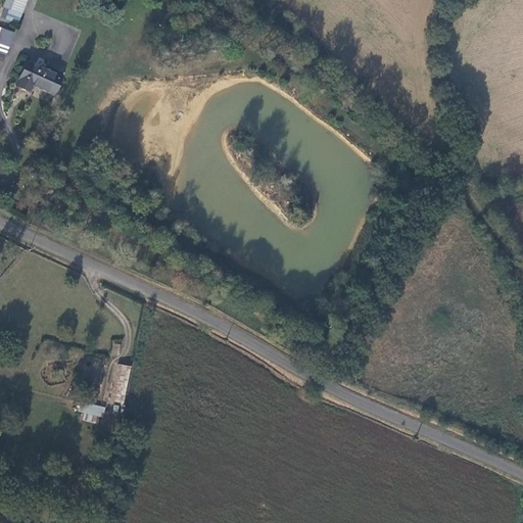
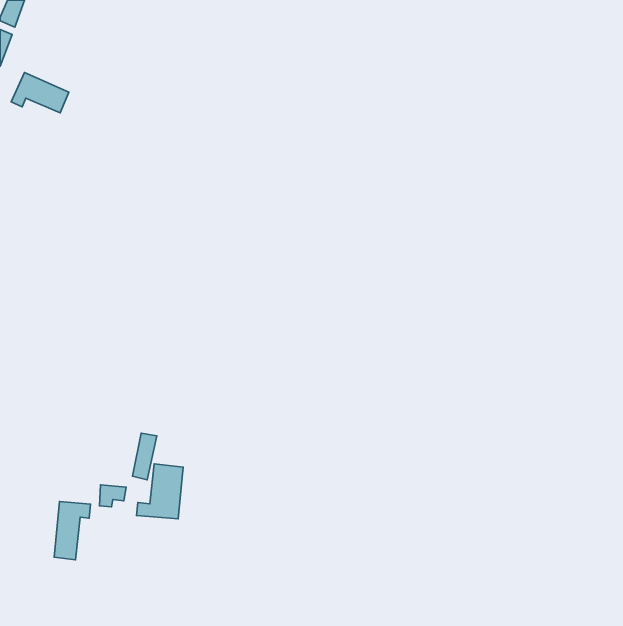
building: none -> [137,464,183,519]
building: none -> [54,502,90,560]

